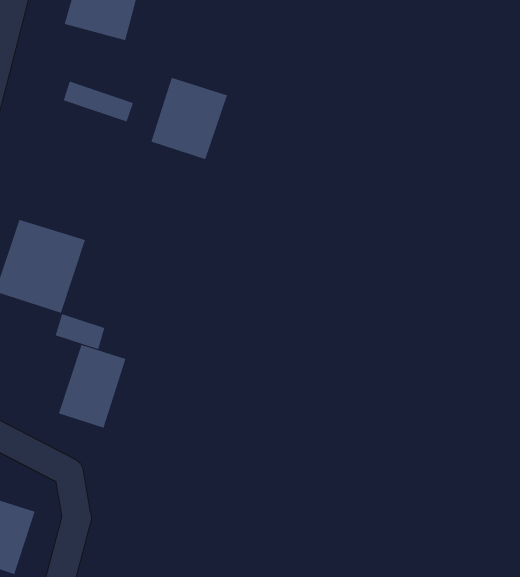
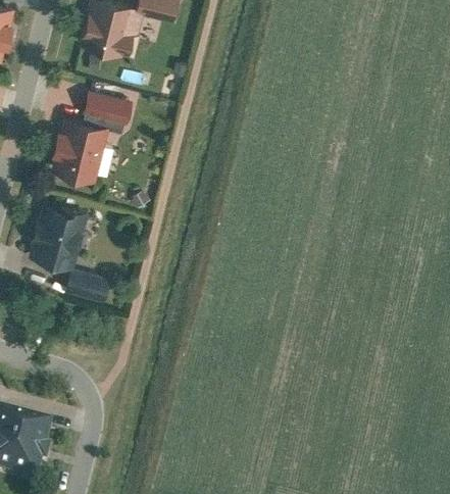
building: [150,77,228,160] -> [50,118,111,184]
building: [58,344,126,429] -> none

